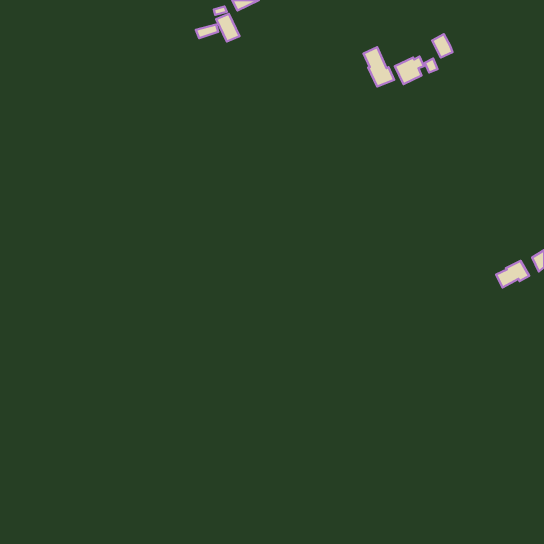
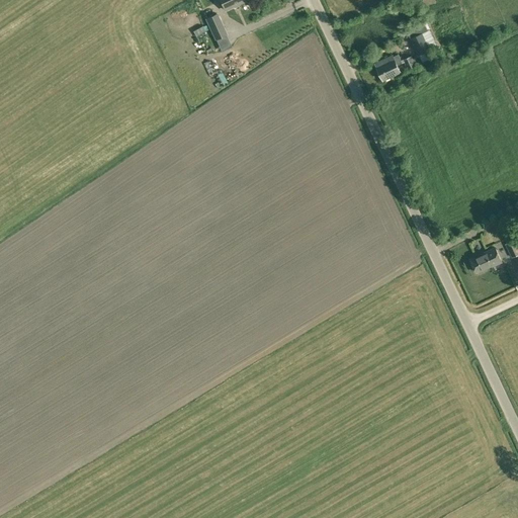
building: [363,47,394,87] -> none

